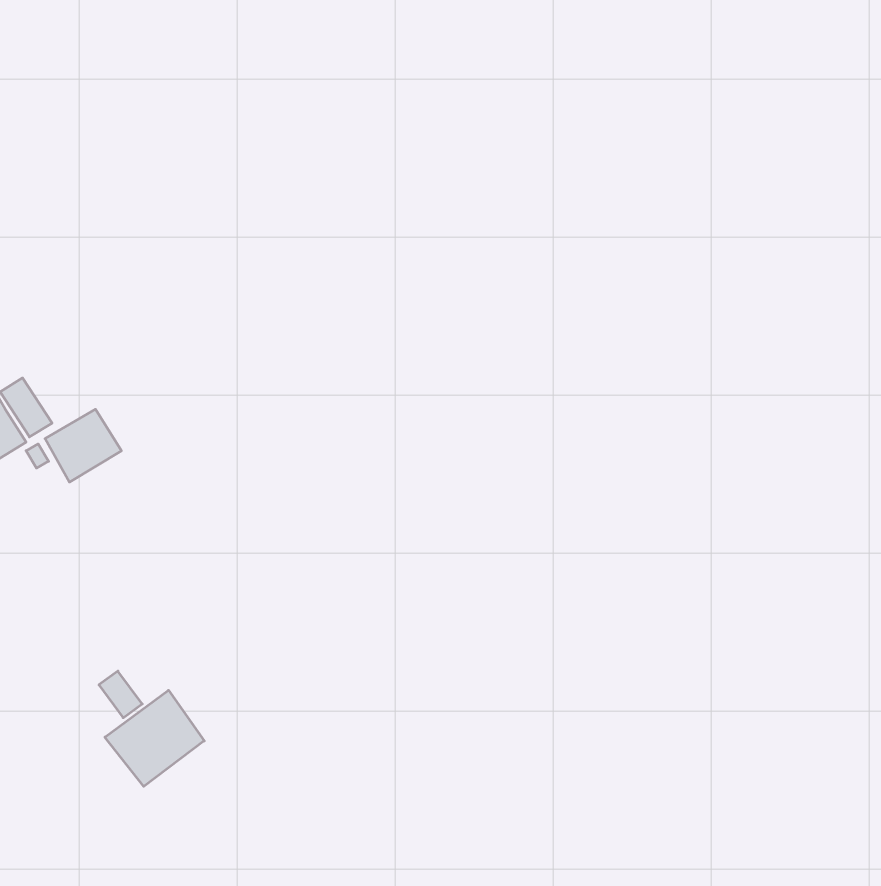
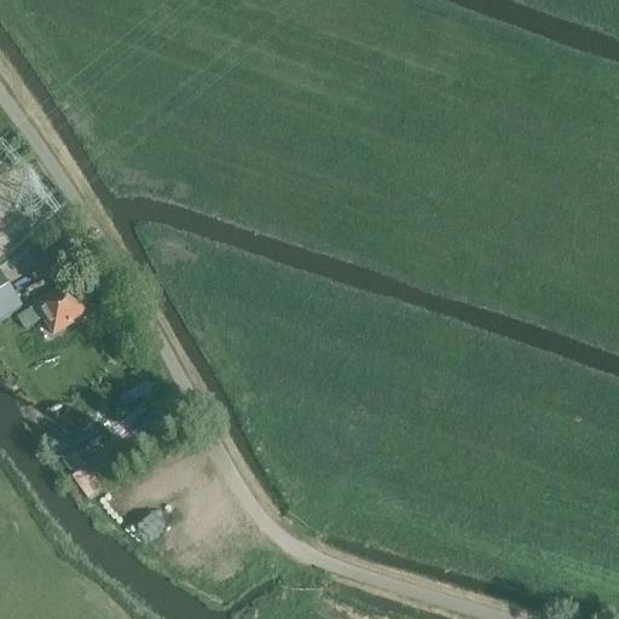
building: [105,690,204,786] -> none

